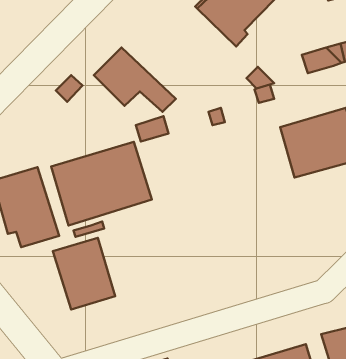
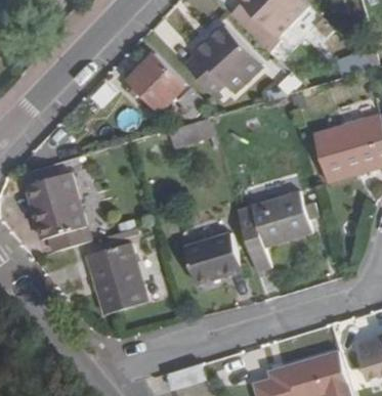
building: none -> [185,25,263,94]
building: [51,142,152,226] -> none
building: none -> [238,190,311,271]
building: none -> [184,232,242,283]

